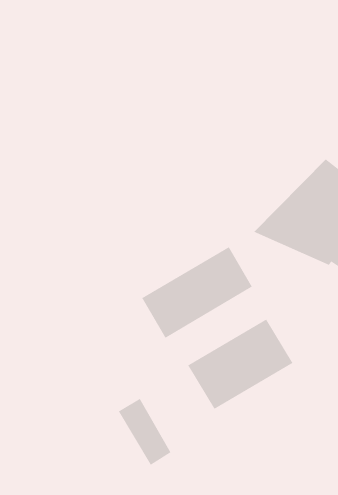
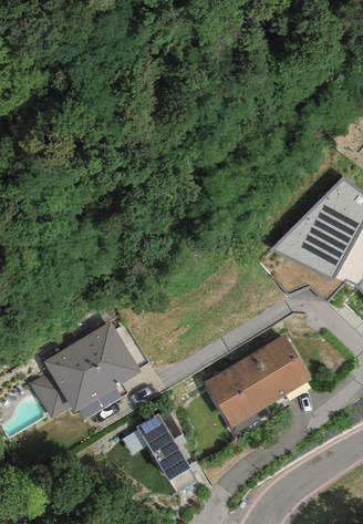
building: [141,246,253,339] -> none
building: none -> [31,321,142,420]

